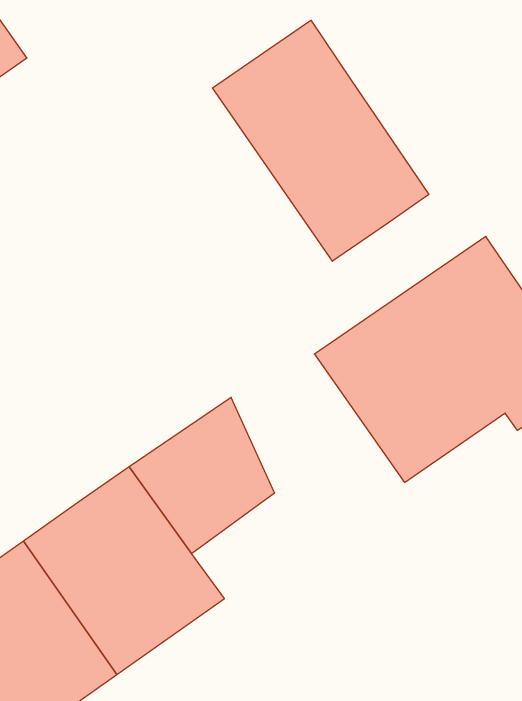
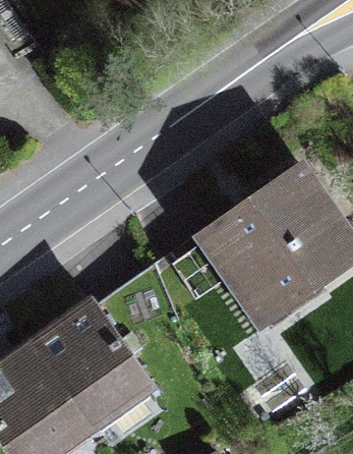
building: [213,20,429,261] -> none

